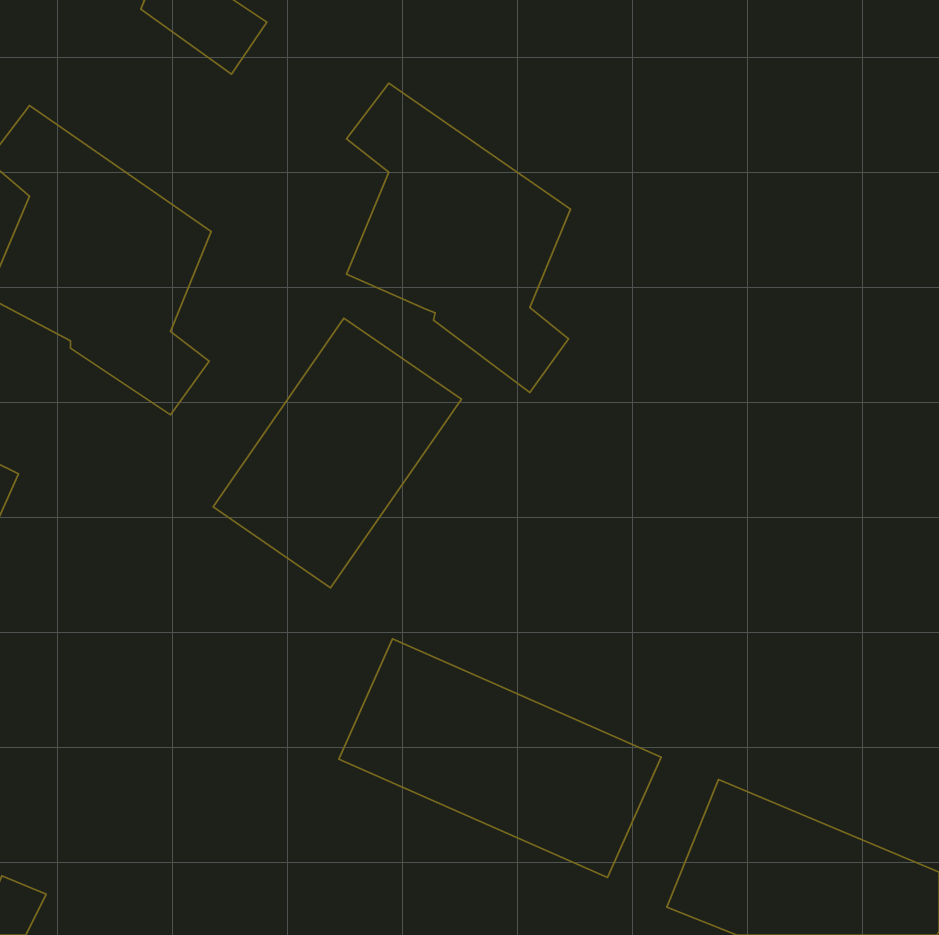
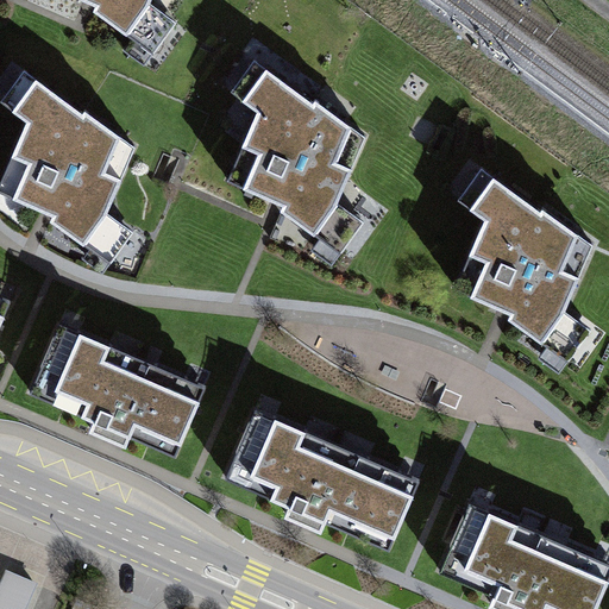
building: none -> [451,164,594,363]
building: [213,318,461,588] -> none
building: none -> [19,322,212,470]

